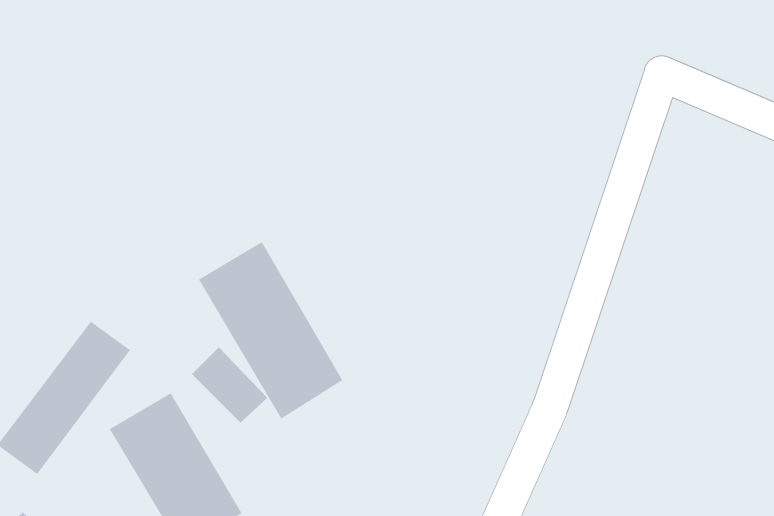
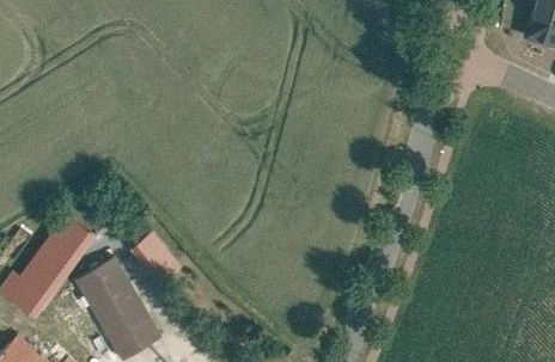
building: [198,241,343,420] -> none

